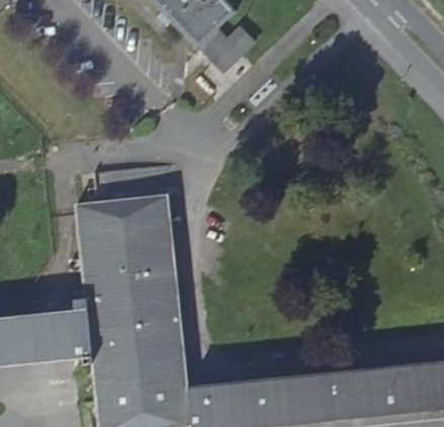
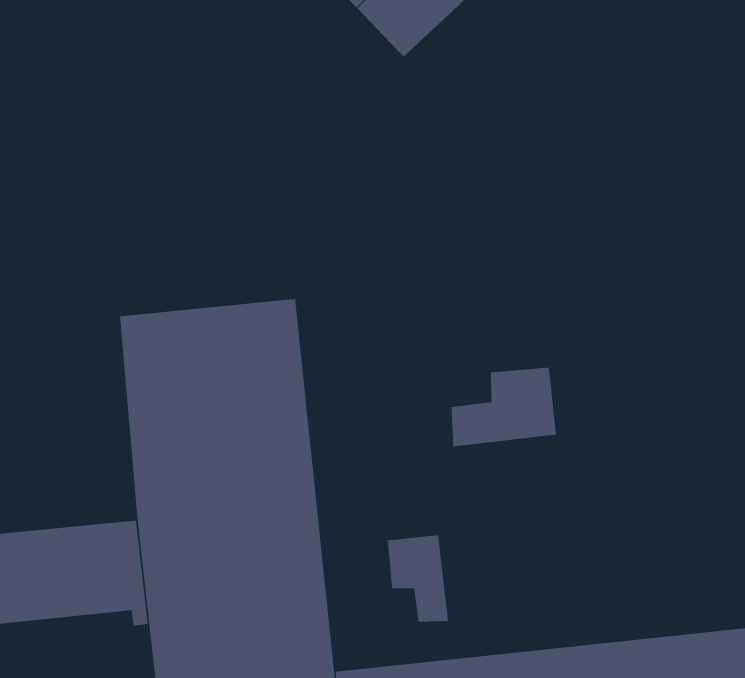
building: none -> [451,367,556,447]
building: none -> [387,534,449,622]

